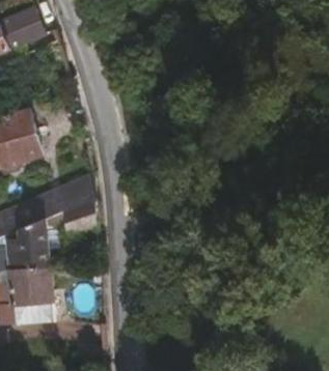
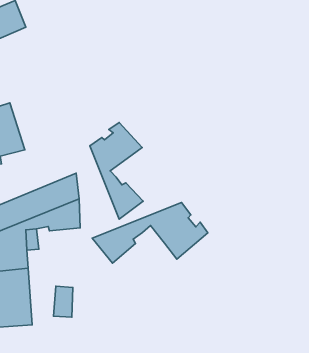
building: none -> [90,123,143,219]
building: none -> [92,202,208,263]

